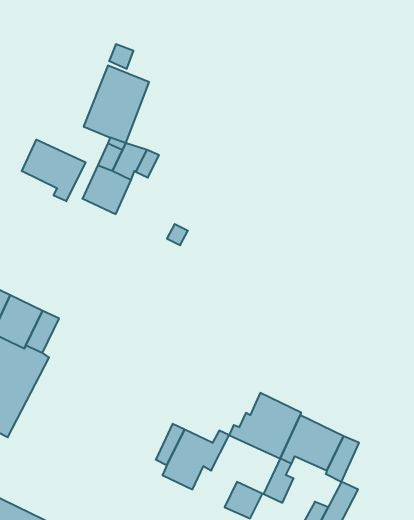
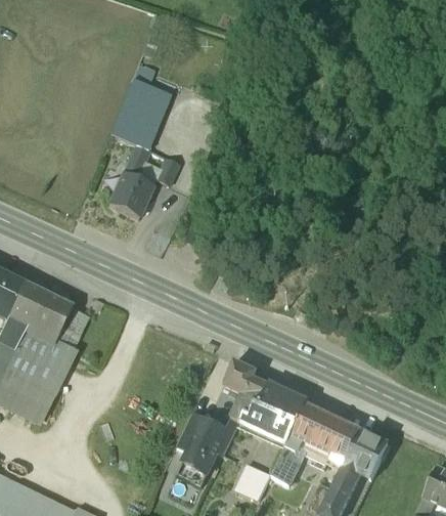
building: [22,140,86,201] -> none
building: none -> [216,361,271,424]
building: none -> [346,431,390,479]

